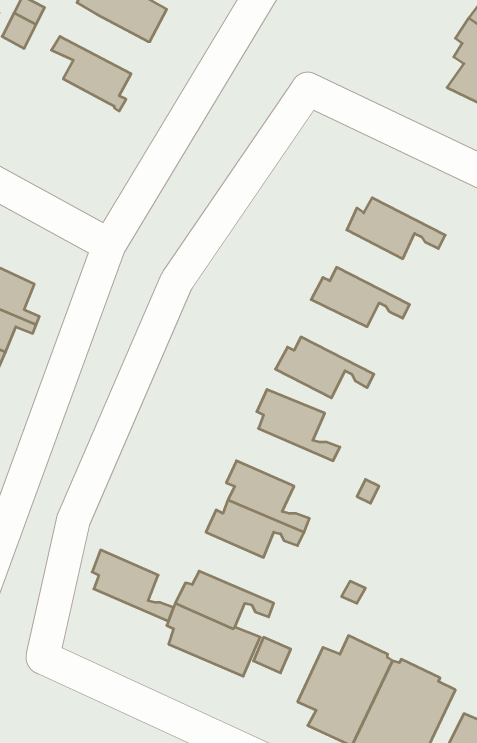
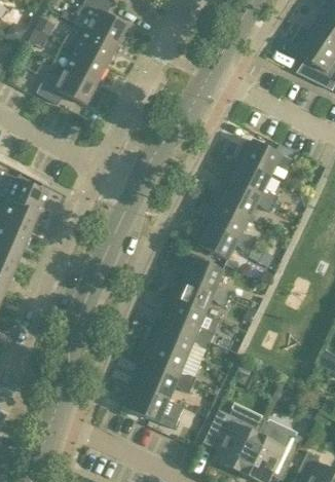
building: none -> [63,28,120,64]
building: none -> [36,67,96,104]
building: none -> [229,158,277,203]
building: none -> [209,200,257,246]
building: none -> [170,279,228,313]
building: [92,550,174,621] -> [146,341,195,384]

